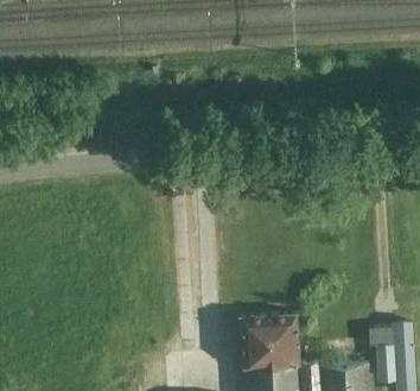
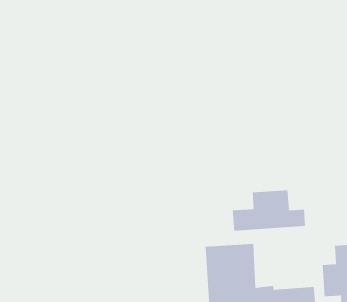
building: none -> [232,190,305,231]

